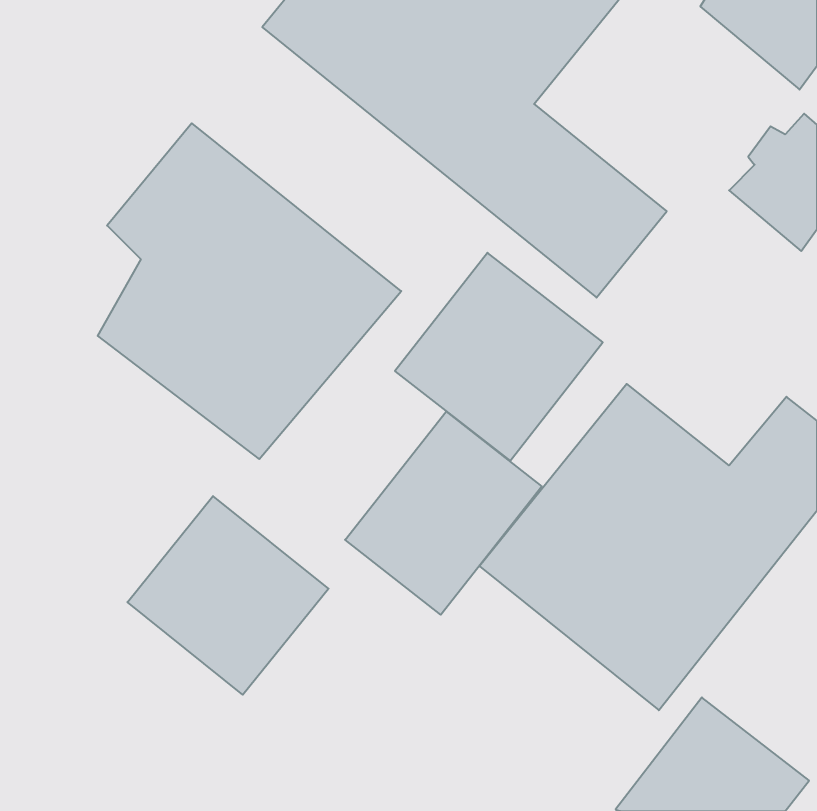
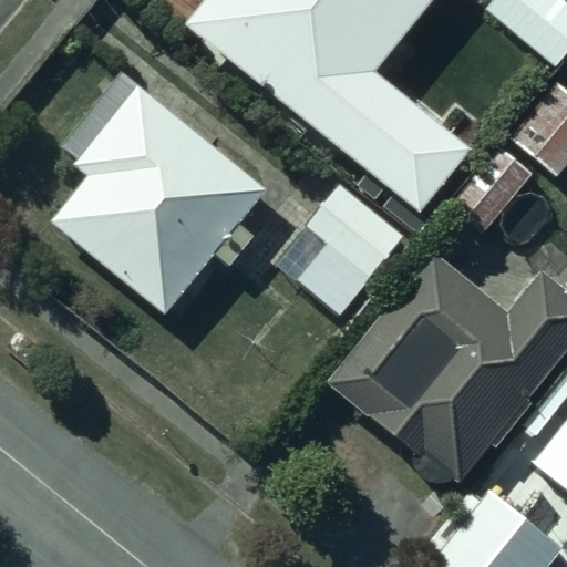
building: [345,412,542,615] -> none
building: [127,496,329,695] -> none

